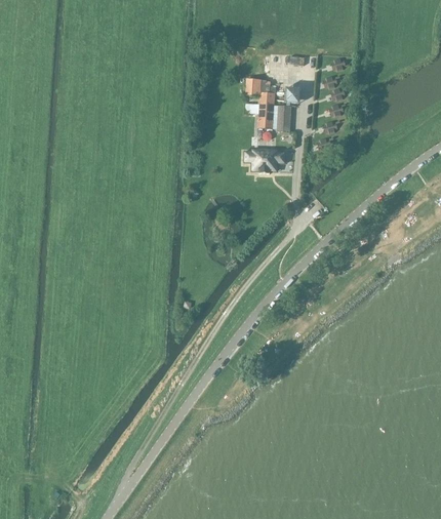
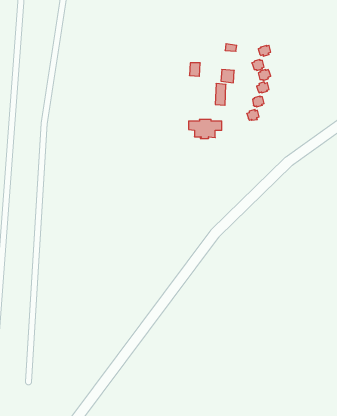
building: [259,92,278,128] -> none

